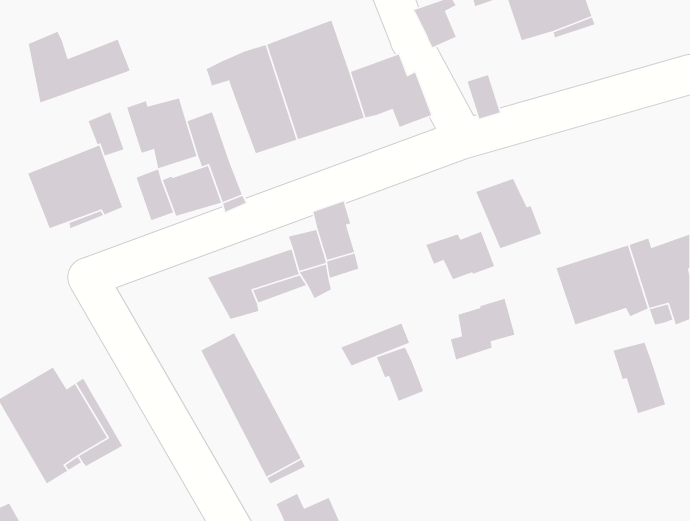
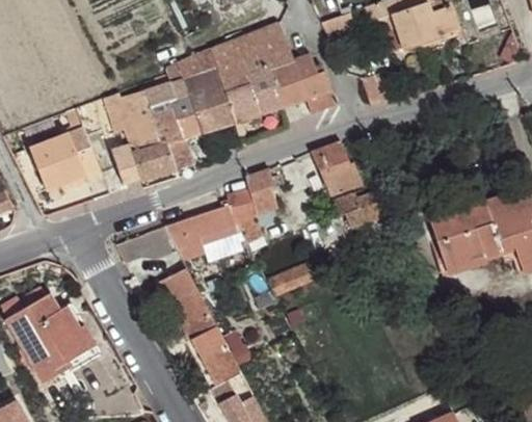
building: none -> [260,24,311,71]
building: [28,31,131,103] -> none
building: none -> [144,78,202,139]
building: [475,178,542,249] -> [311,141,362,195]
building: none -> [115,227,177,262]
building: [450,298,516,360] -> none
building: [612,342,666,414] -> none
building: [376,347,424,402] -> none

